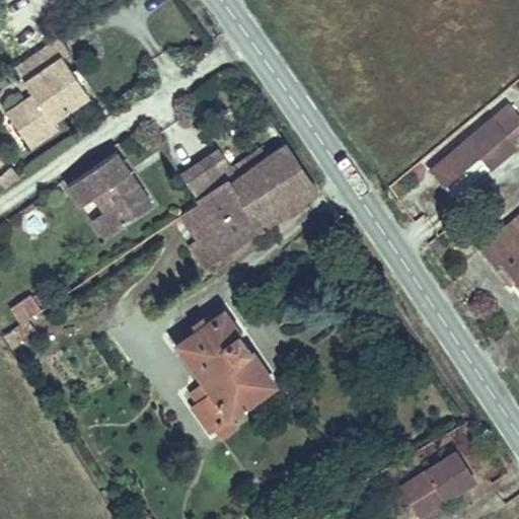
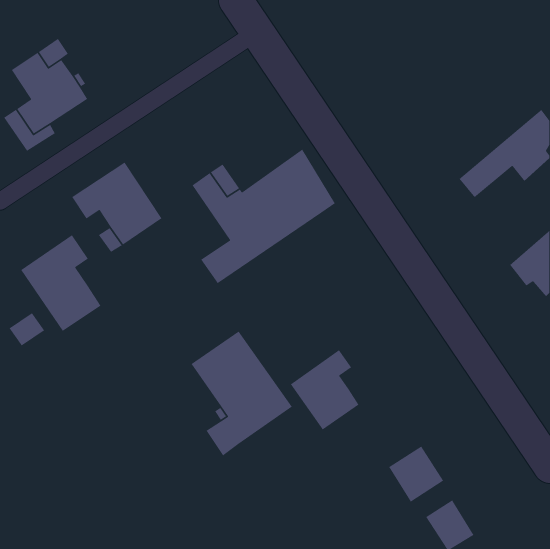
building: none -> [20,234,102,332]
building: none -> [290,349,360,430]
building: [427,452,479,506] -> [388,445,444,502]

